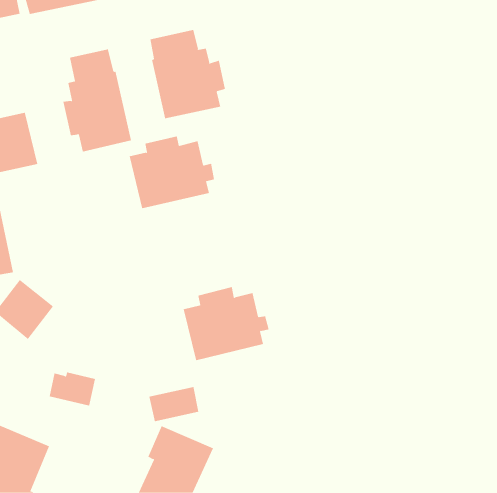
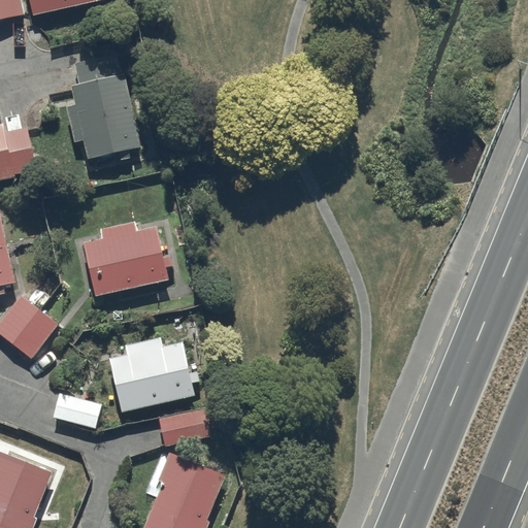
building: [150,29,226,119] -> none
building: [129,136,215,209] -> [81,222,172,299]
building: [183,287,270,361] -> [107,337,199,416]

